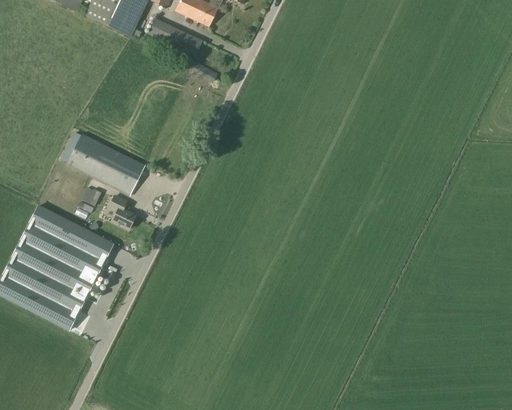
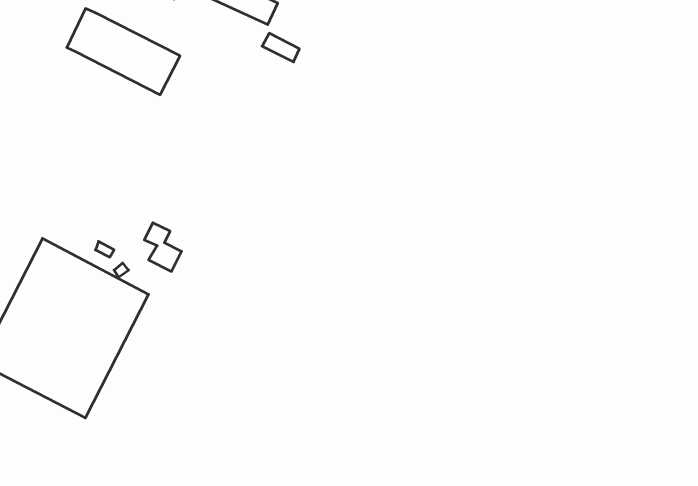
building: [61,131,140,191] -> [67,9,180,95]

